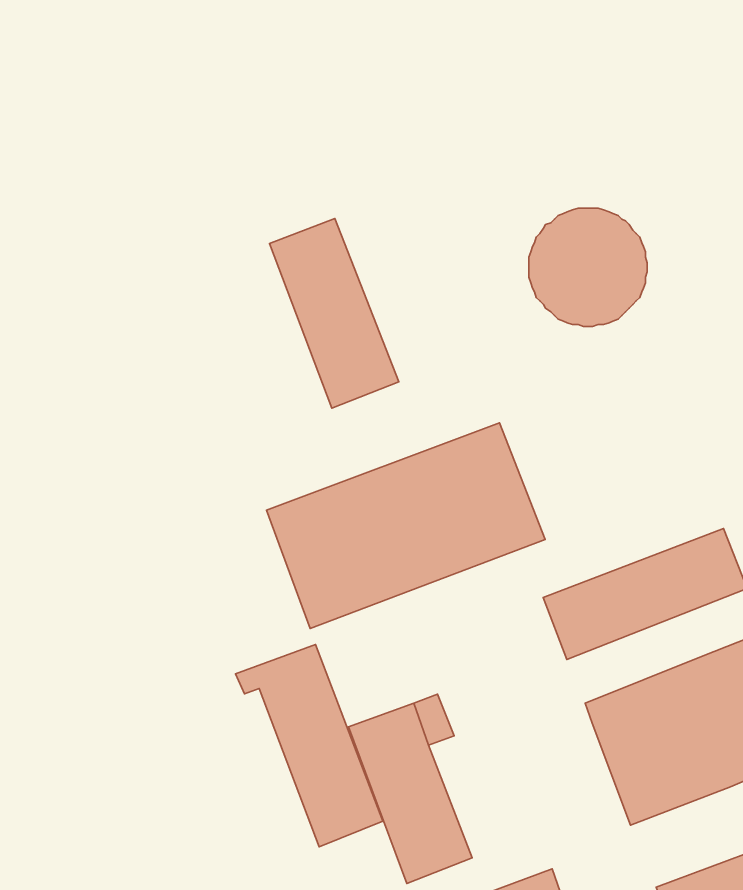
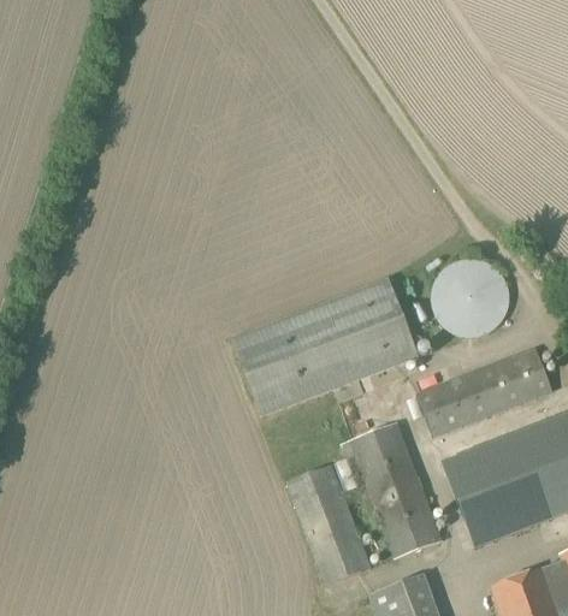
building: [529,208,647,326] -> [431,259,509,337]
building: [269,219,399,408] -> none
building: [235,645,383,847] -> [342,425,439,558]

